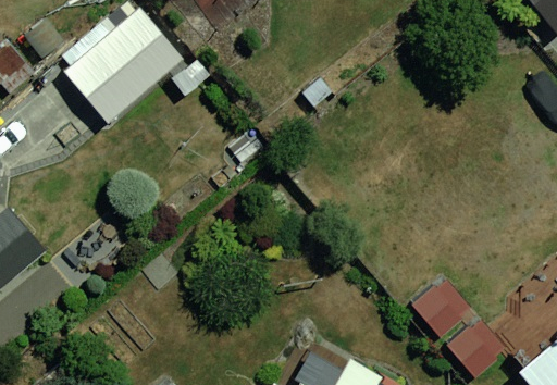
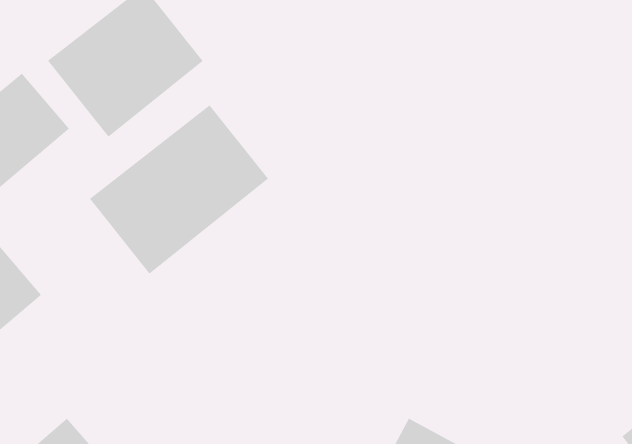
building: none -> [89,104,269,275]

